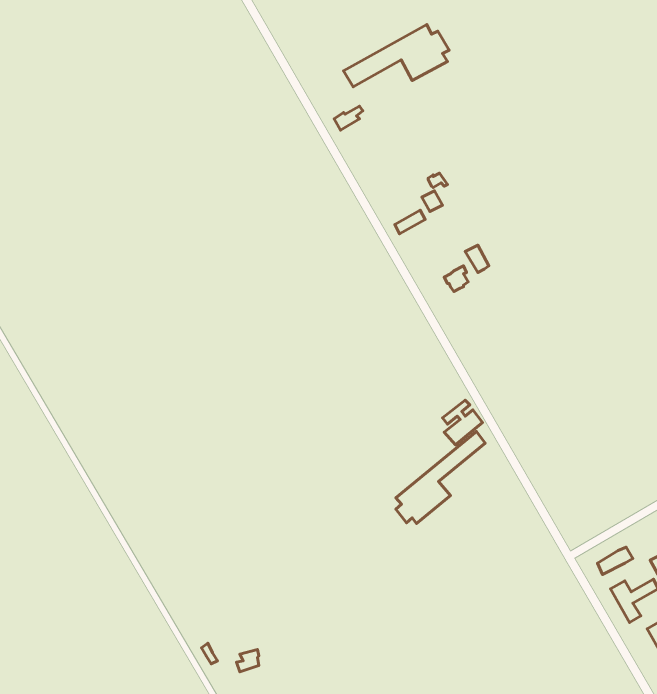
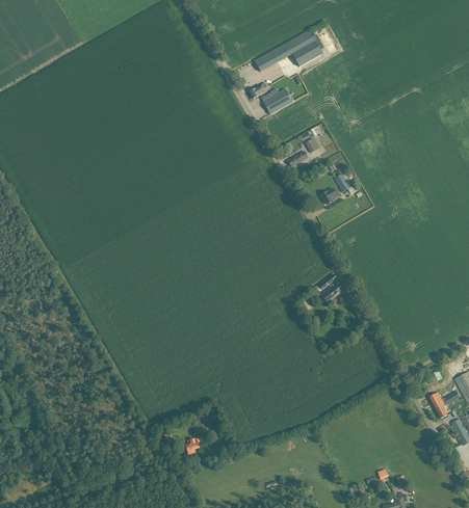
building: none -> [260,88,292,113]
building: [396,432,485,524] -> none

